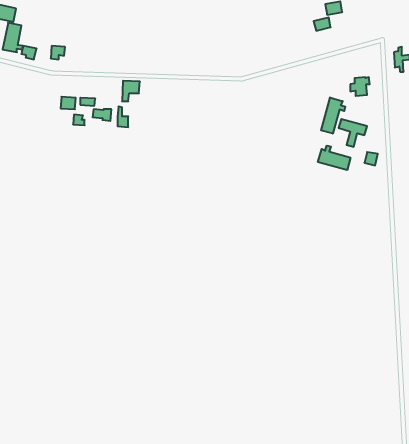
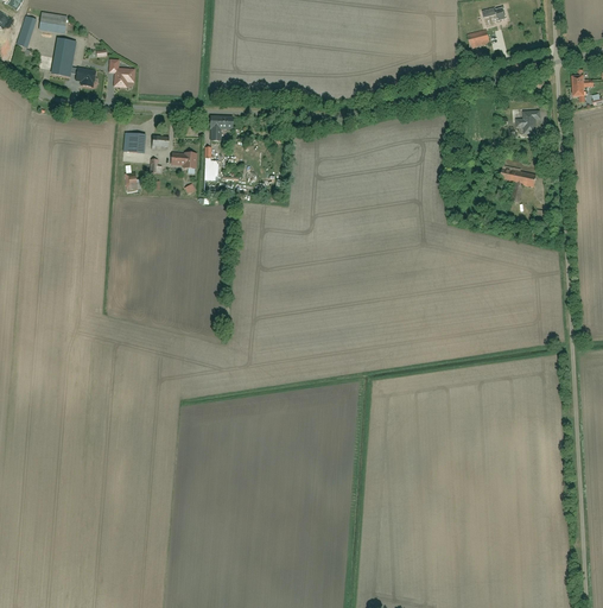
building: [321,97,345,134] -> none
building: [318,146,350,170] -> none

